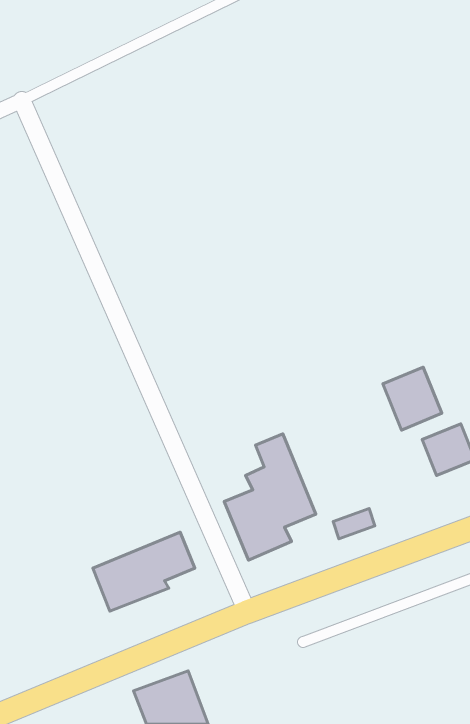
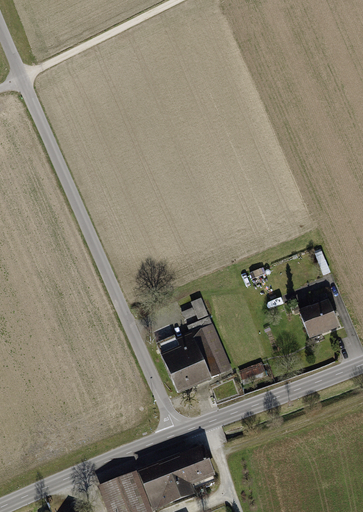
building: [383,367,442,430] -> none
building: [93,532,195,611] -> [141,449,212,504]

